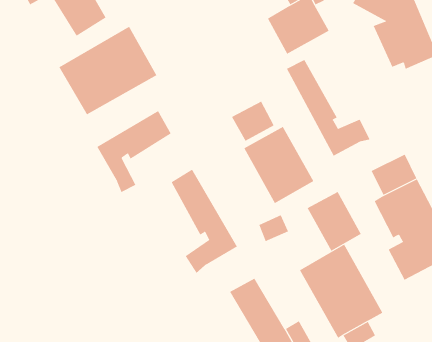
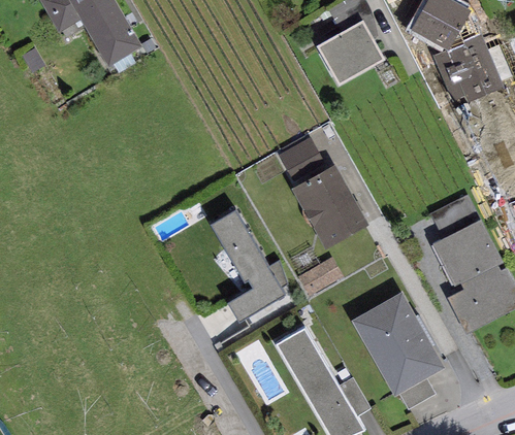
building: [58,26,157,115] -> none
building: [286,59,370,157] -> none
building: [96,110,171,193] -> none
building: [307,191,361,251] -> none

